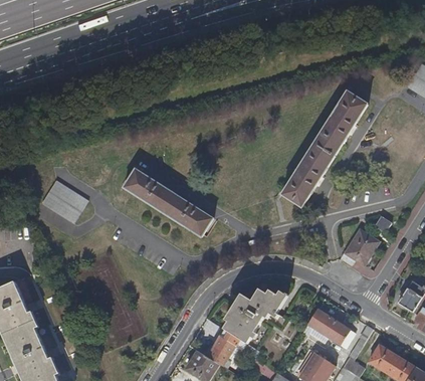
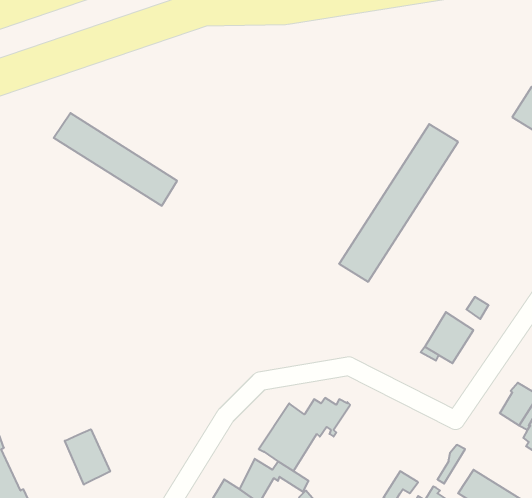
building: [123,170,212,237] -> [54,113,177,206]
building: [41,182,85,223] -> none
building: [307,309,356,348] -> none
building: none -> [65,429,110,485]

